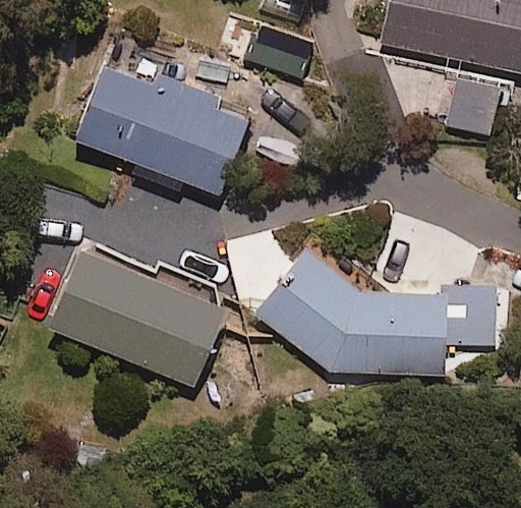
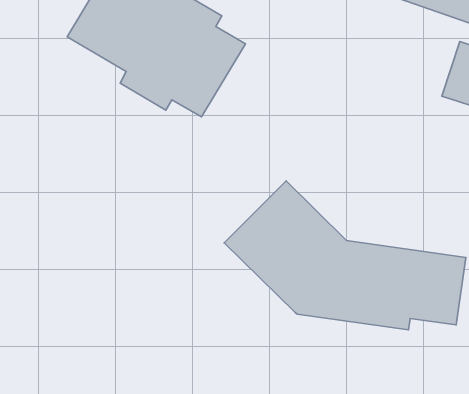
building: [45,244,224,386] -> none

